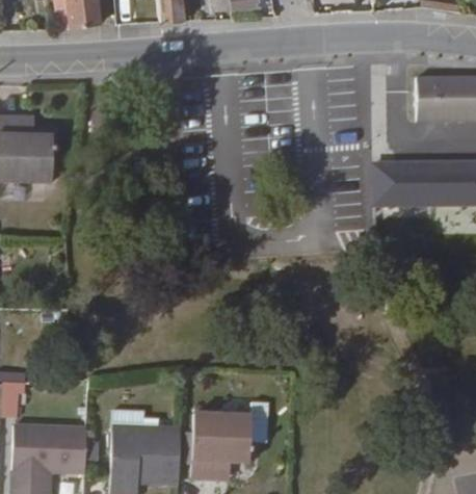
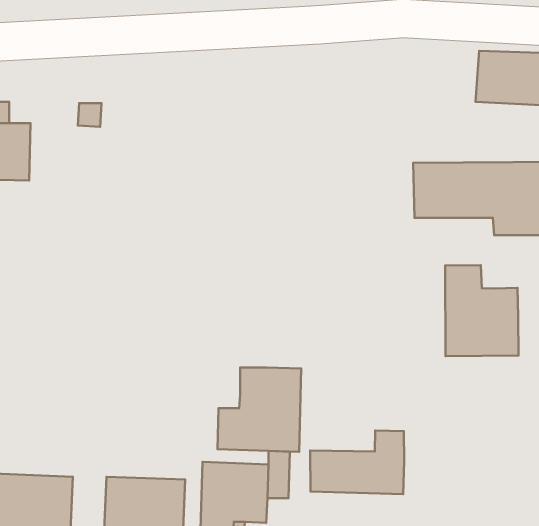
building: none -> [445,265,518,356]
building: none -> [217,367,301,452]
building: none -> [310,431,404,494]

